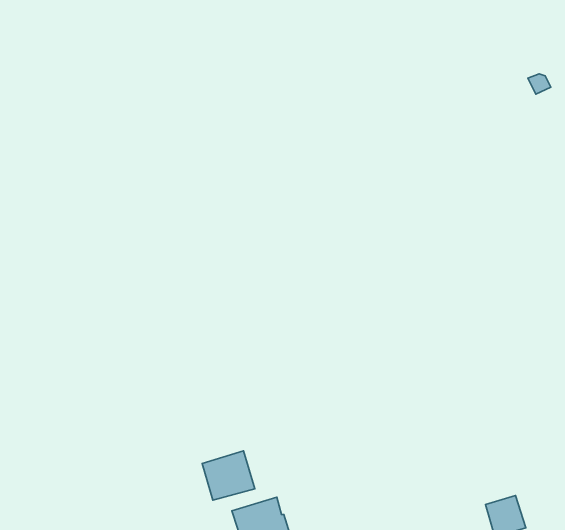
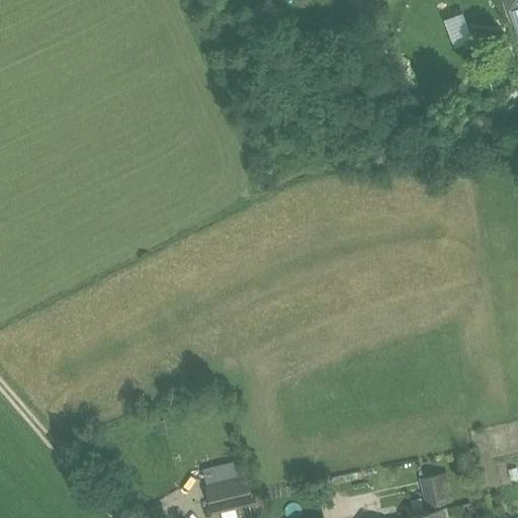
building: [202,451,255,500] -> none

